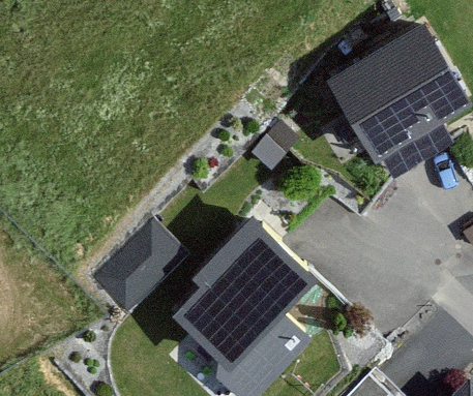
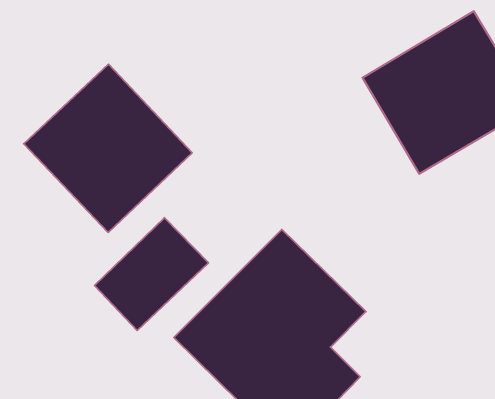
building: none -> [24,64,192,232]

